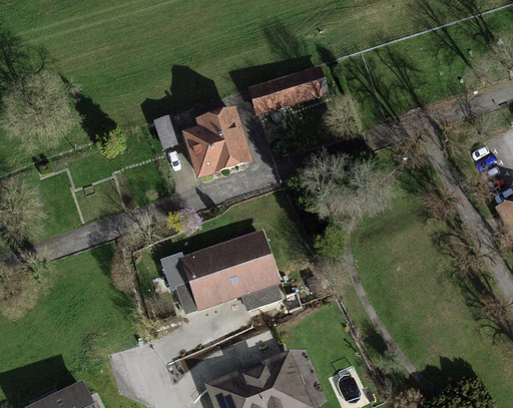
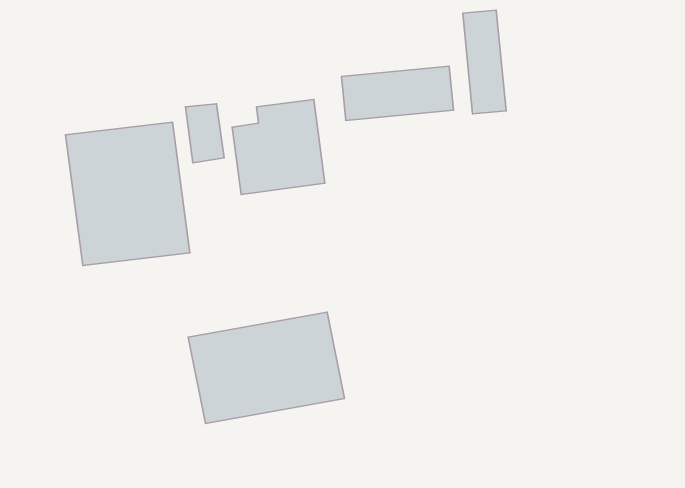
building: none -> [463,10,506,114]
building: none -> [65,122,190,266]

